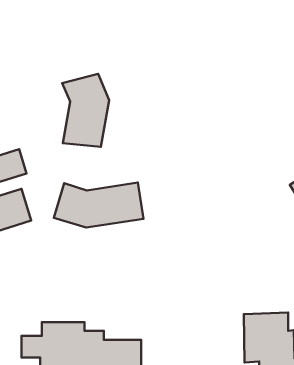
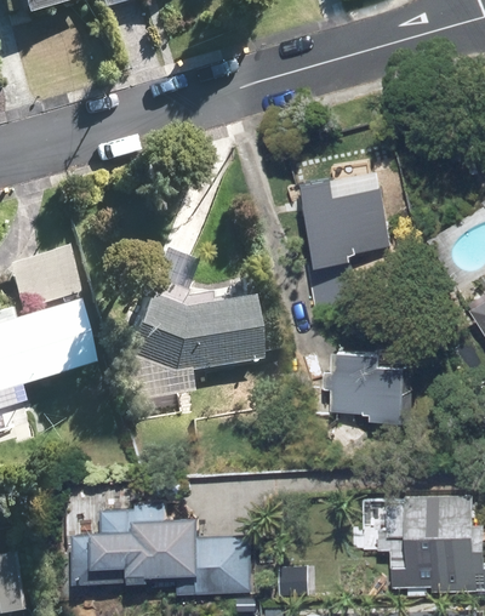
building: [62,74,109,147] -> none
building: none -> [299,181,393,267]
building: none -> [331,352,409,417]

